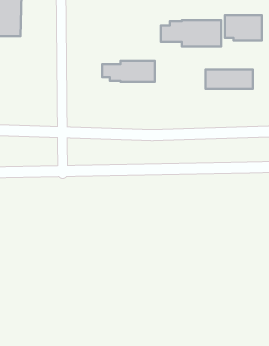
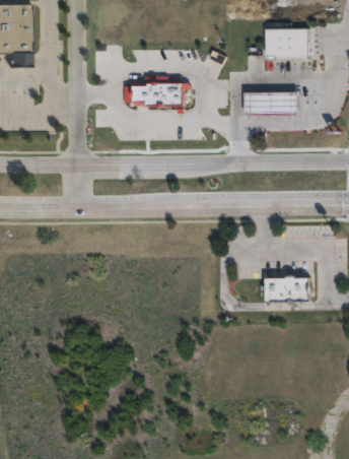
building: [161,20,221,46] -> none
building: none -> [266,277,309,302]

